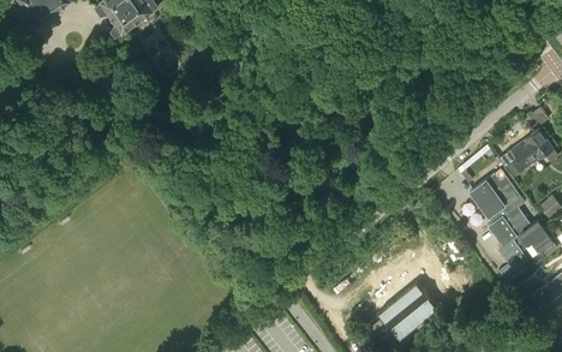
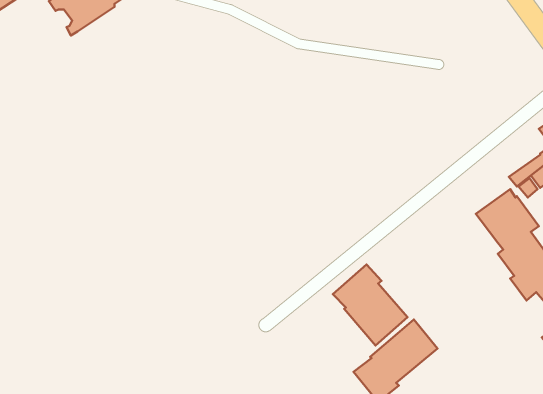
building: none -> [333,264,408,345]

